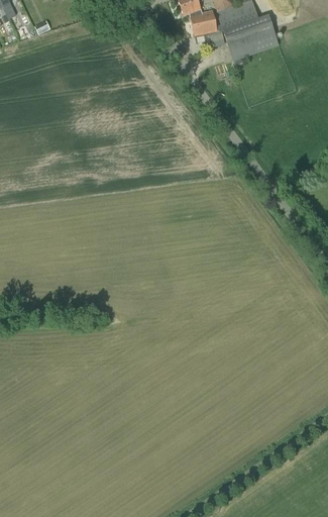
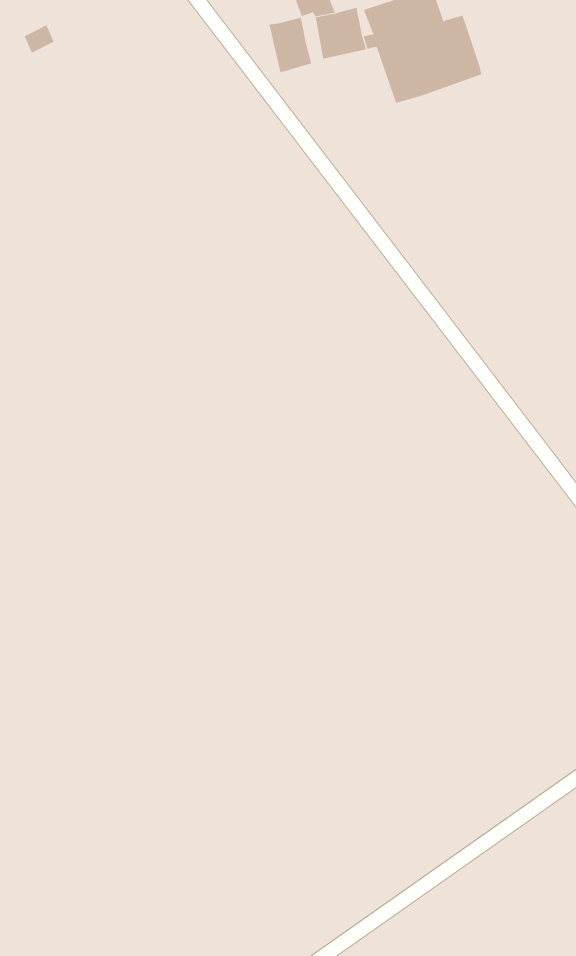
building: none -> [269,17,312,73]

